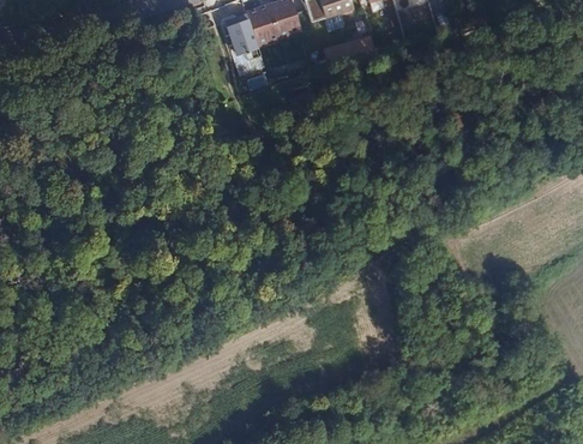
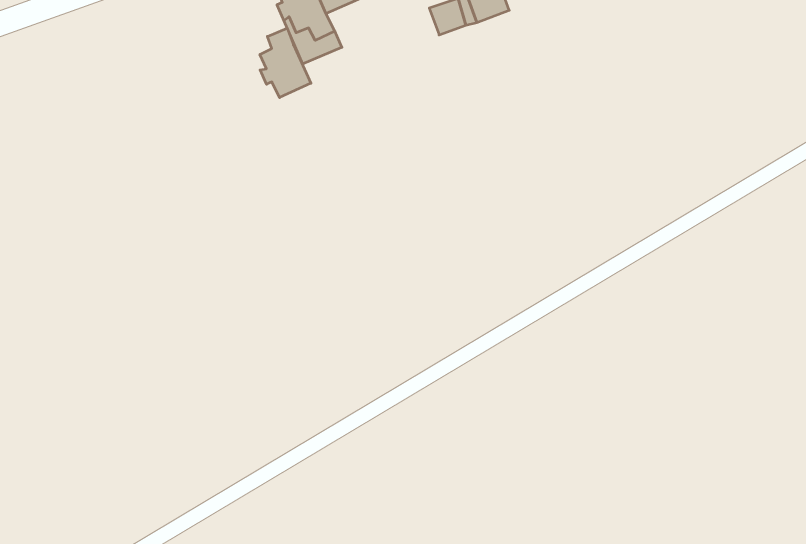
building: none -> [260,28,311,98]

